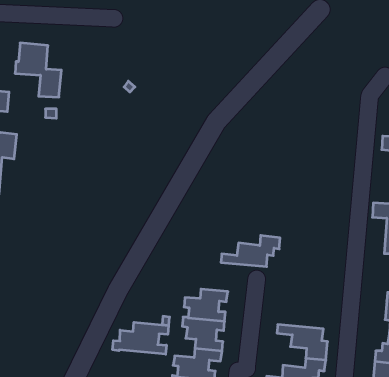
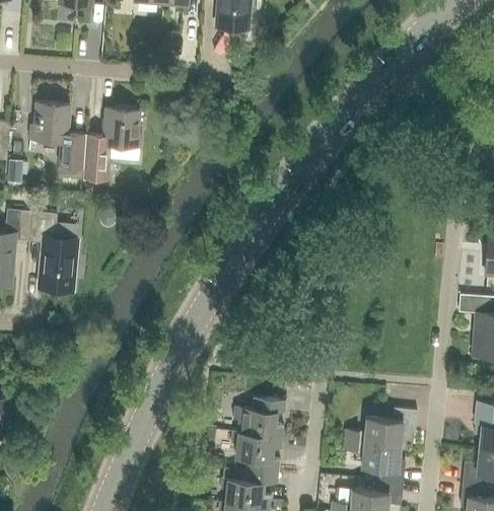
building: none -> [82,107,141,180]
building: none -> [29,212,76,289]
building: [221,235,280,267] -> [346,408,417,445]
building: [113,322,169,354] -> none

